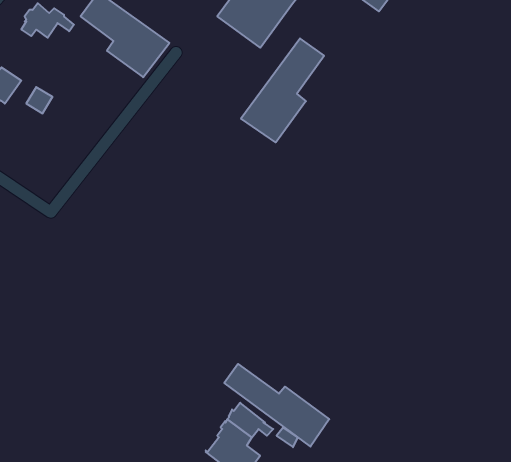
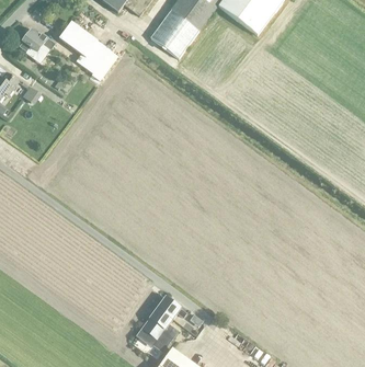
building: [241,38,324,142] -> none
building: [224,364,329,447] -> none

